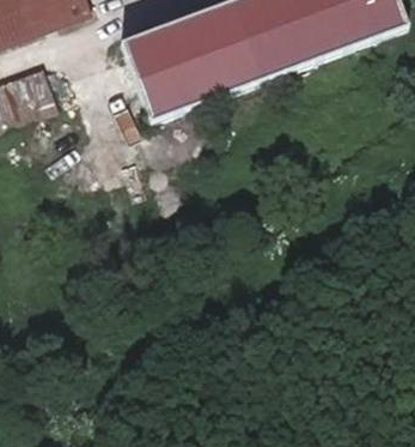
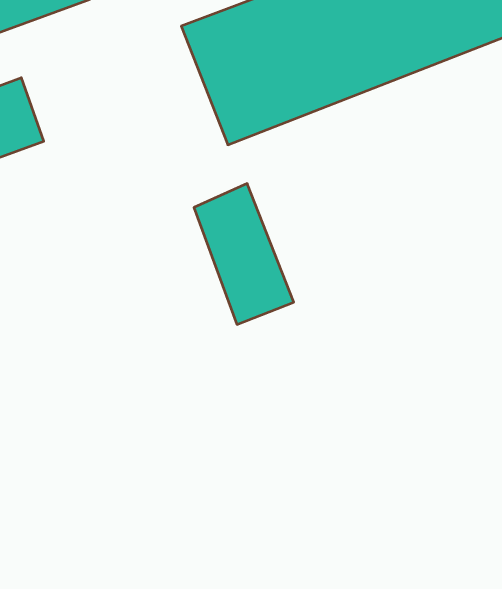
building: [126,20,195,119] -> [194,184,294,324]

